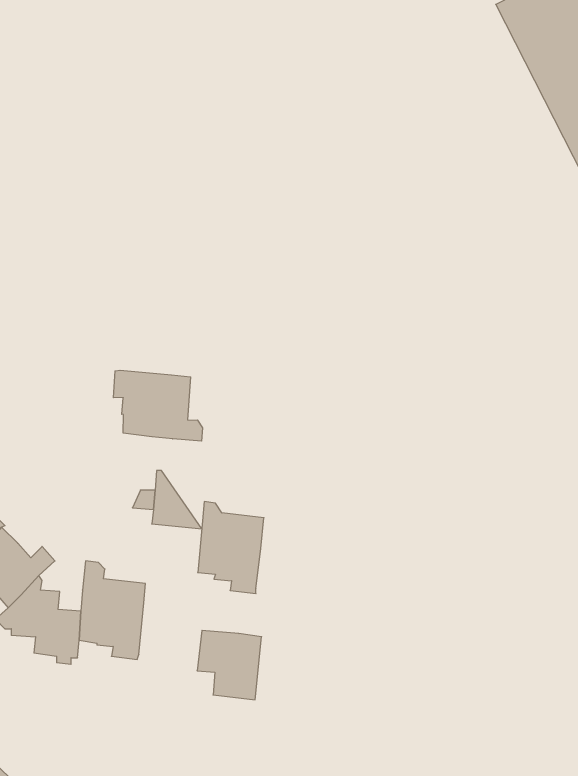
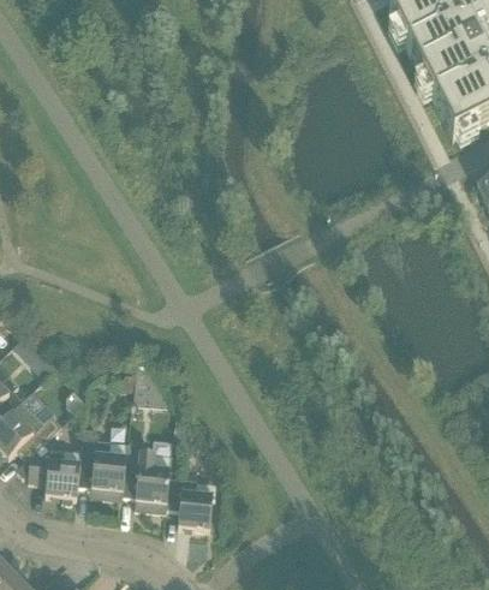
building: [113,370,202,441] -> none
building: [198,502,264,594] -> [121,443,171,512]

